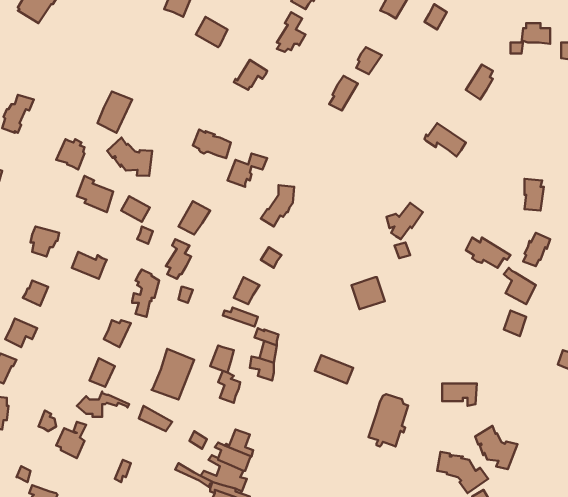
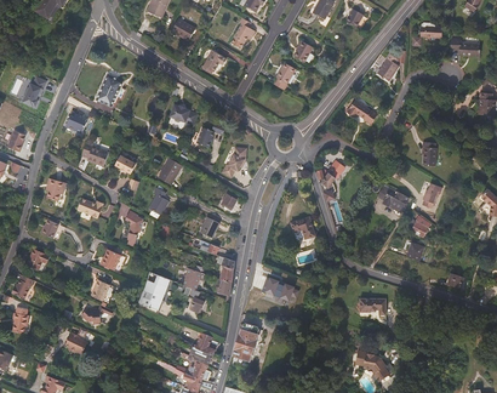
building: [107,138,152,176] -> none
building: [369,394,408,447] -> [232,321,262,361]
building: [475,426,518,469] -> none

